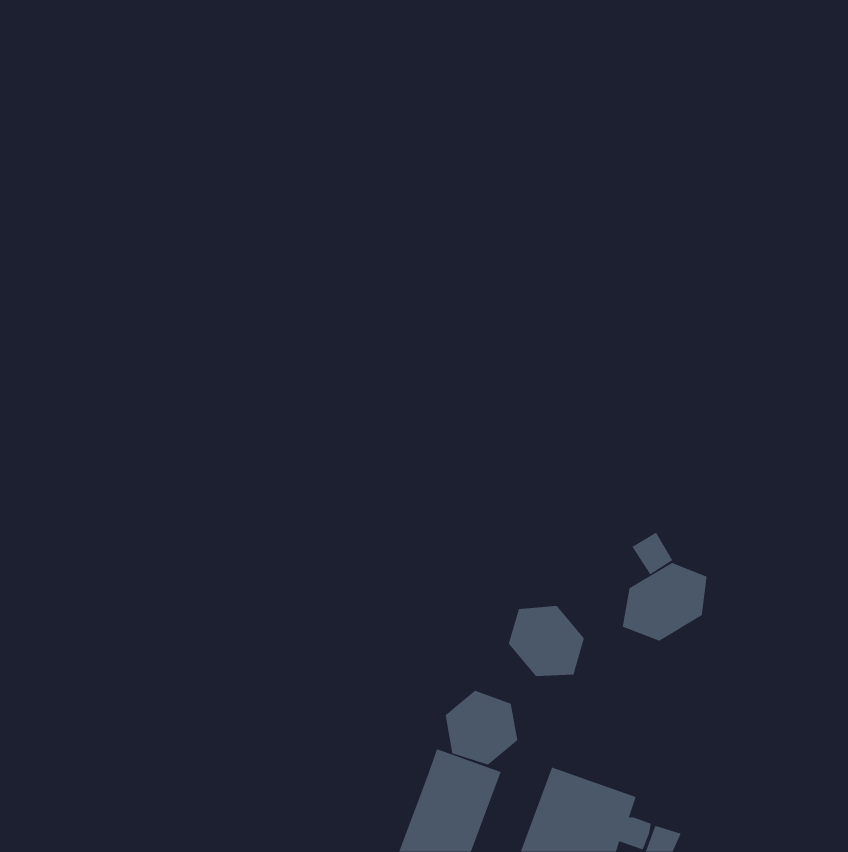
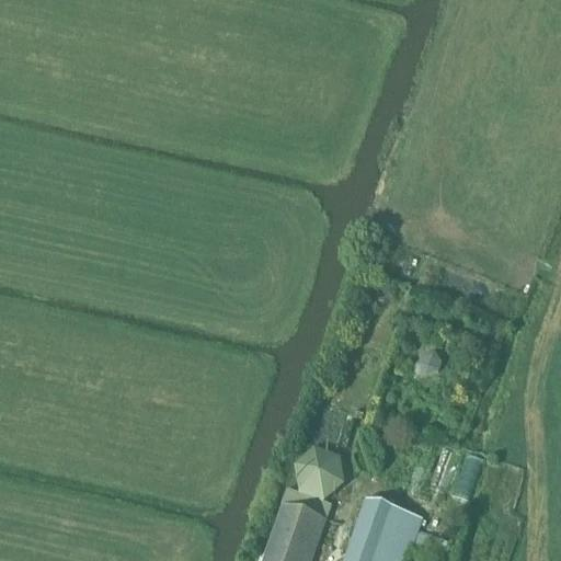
building: [622,562,707,642] -> none
building: [508,605,584,677] -> none

